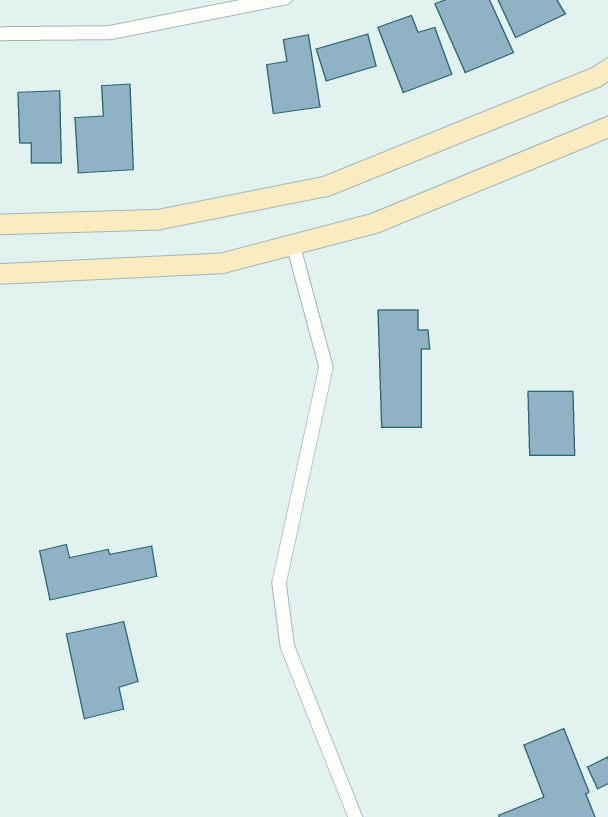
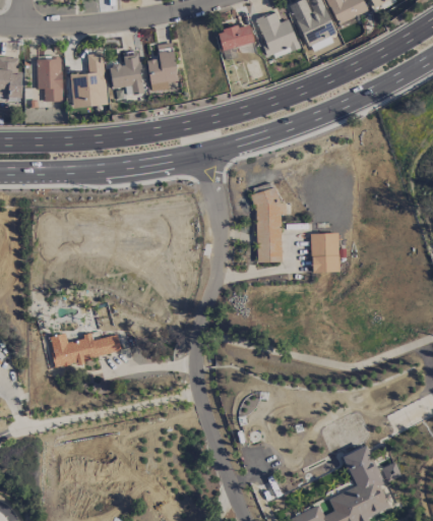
building: [267,35,320,113] -> [147,42,180,90]
building: none -> [110,53,144,95]
building: [528,392,575,455] -> [311,233,339,272]
building: [66,621,138,719] -> none

